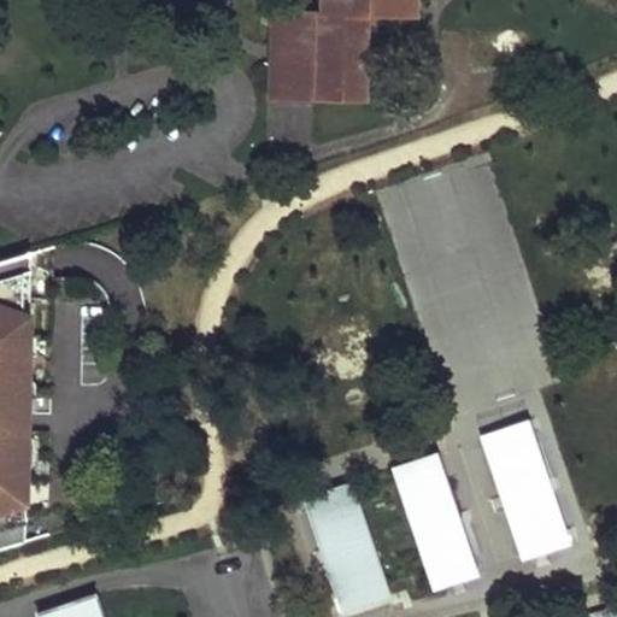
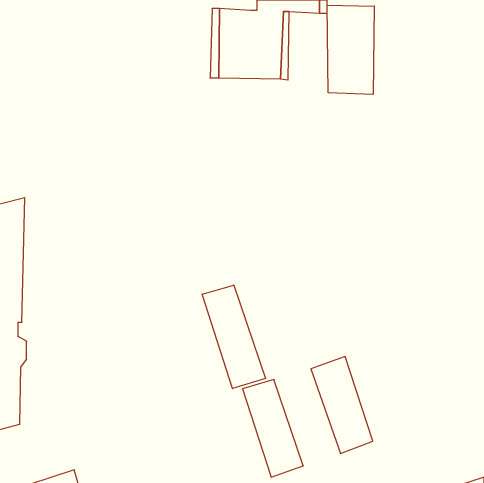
building: none -> [327,5,374,94]
building: none -> [202,285,266,389]
building: [481,413,563,550] -> none

